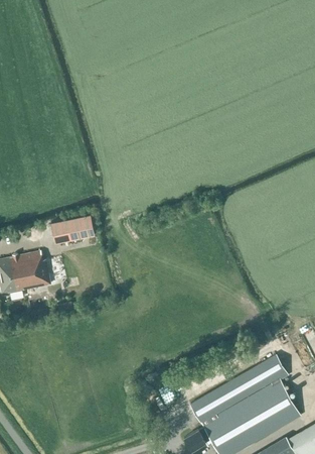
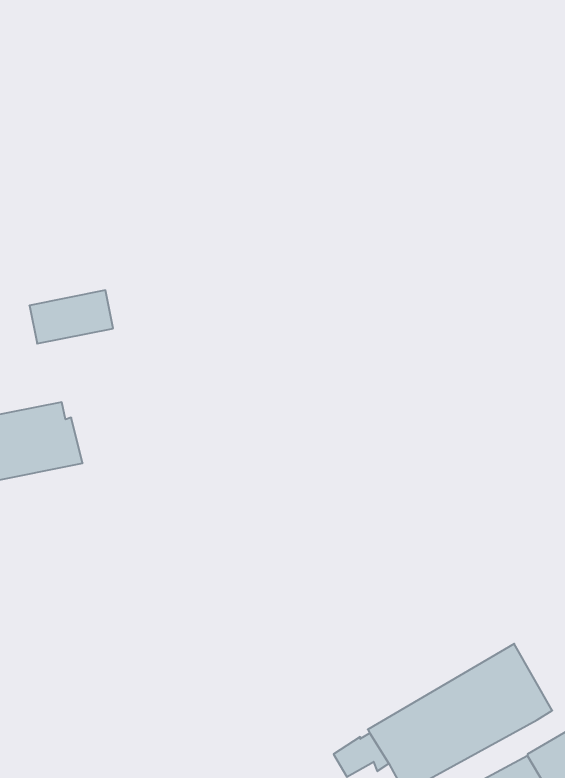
building: [50,216,95,244] -> [29,290,113,344]
building: [190,355,288,426] -> none

